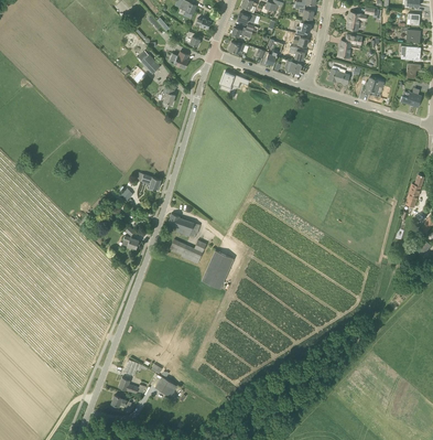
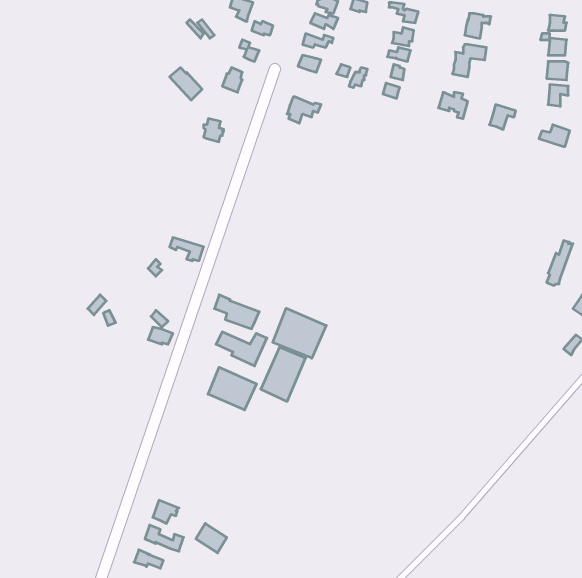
building: none -> [273,308,326,358]
building: none -> [208,367,257,410]

